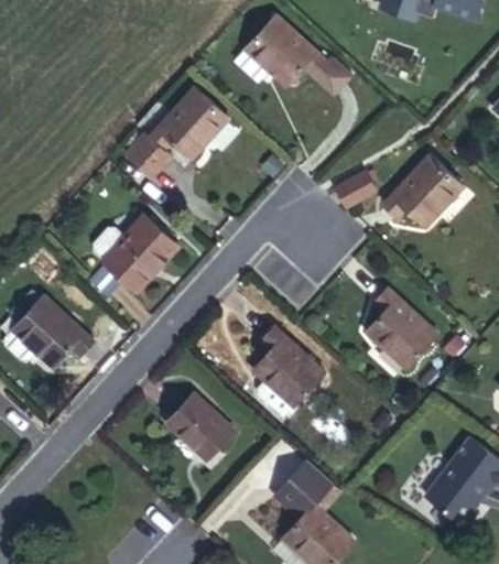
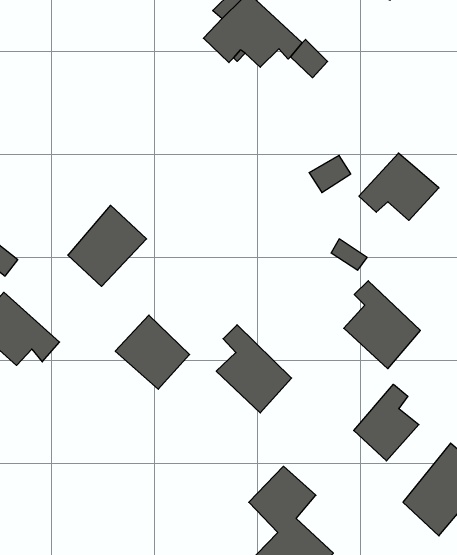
building: [130,83,231,178] -> none
building: none -> [354,384,419,461]
building: [167,398,238,468] -> [115,315,190,389]

